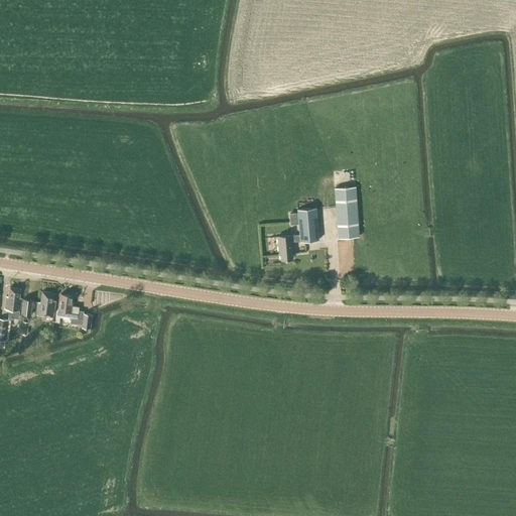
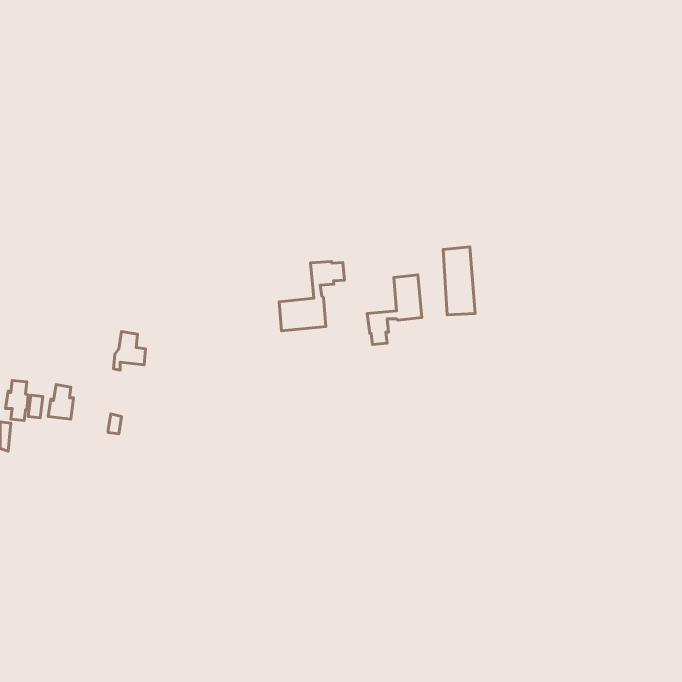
building: none -> [279,262,345,331]
building: [54,293,79,322] -> [113,331,145,370]

